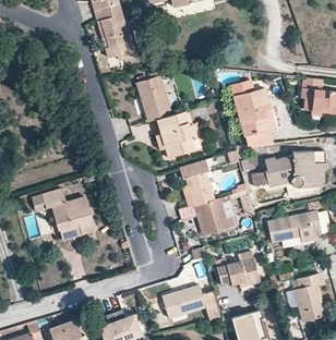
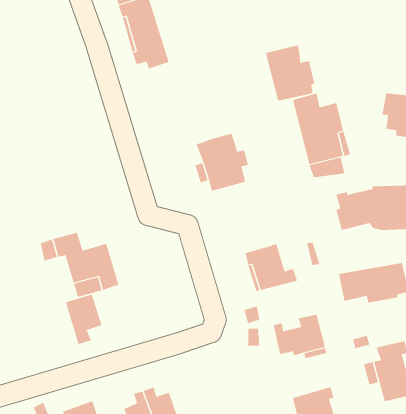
building: none -> [265,44,315,101]
building: [136,76,171,122] -> none
building: [179,159,214,207] -> none
building: none -> [65,294,102,345]
building: [163,284,221,320] -> none

